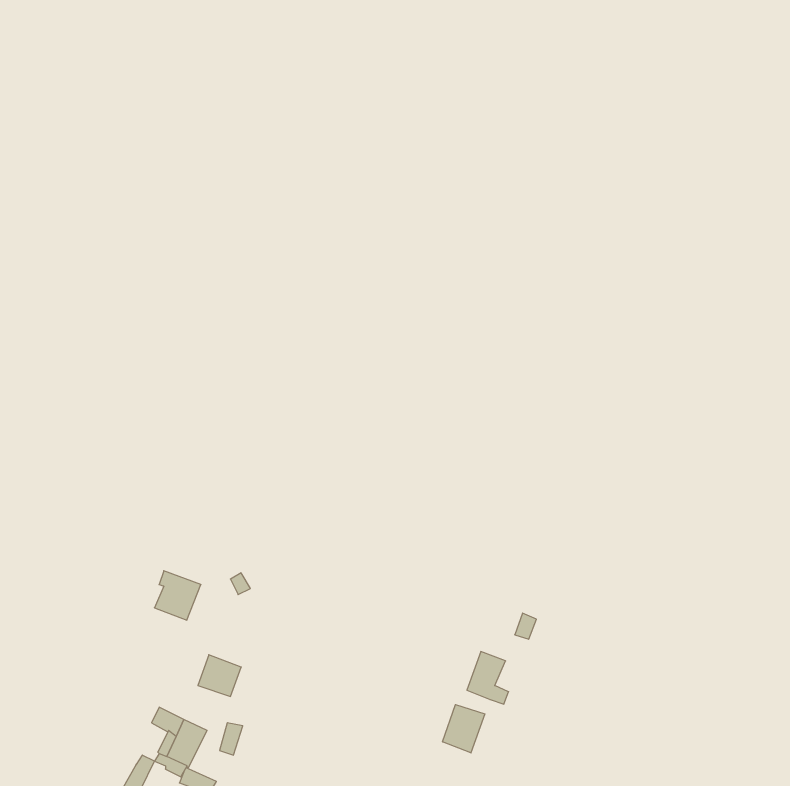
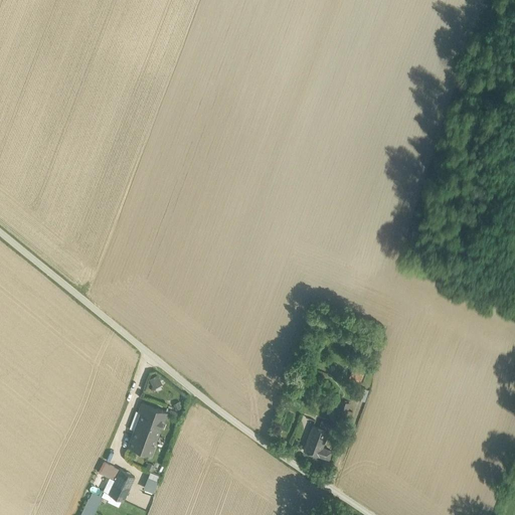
building: [154,571,201,620] -> [136,404,166,437]
building: [443,705,485,753] -> none

